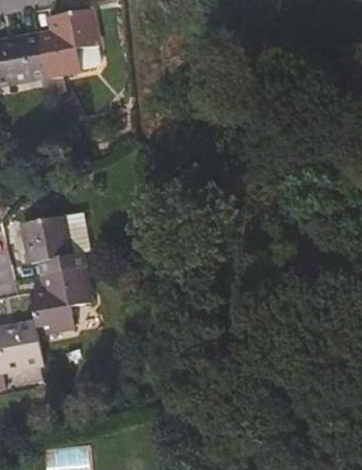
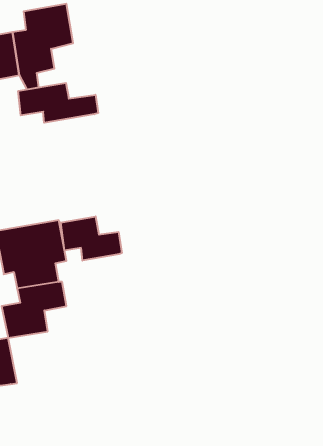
building: none -> [18,83,98,123]
building: none -> [61,216,122,261]

